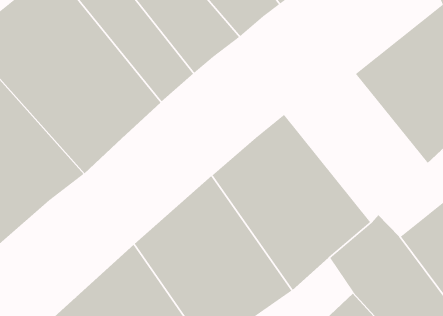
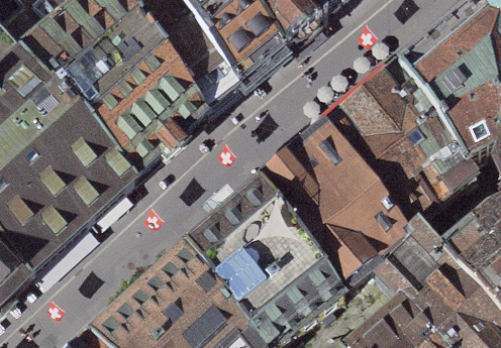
building: none -> [323,74,465,231]

